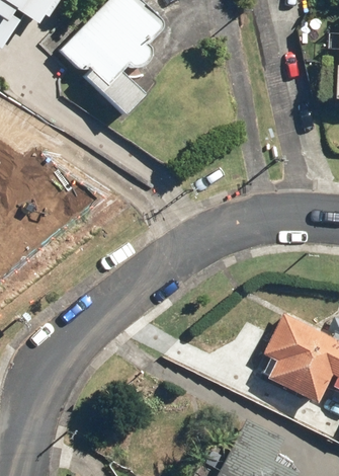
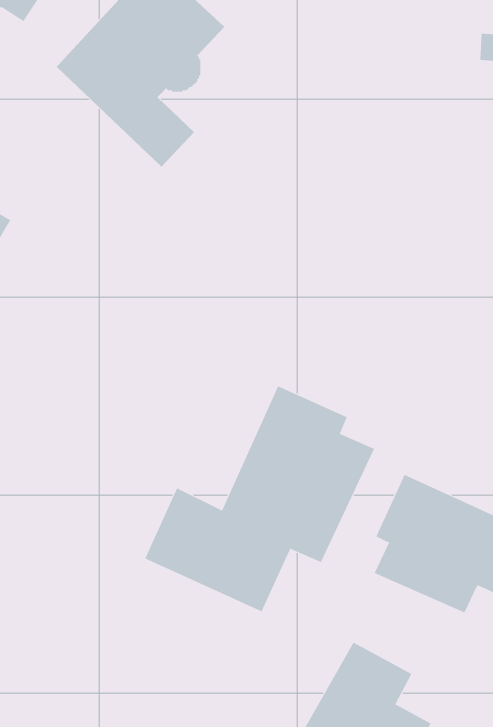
building: none -> [145,386,375,612]

